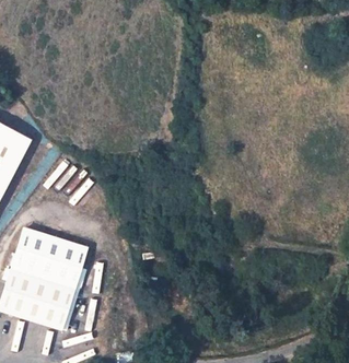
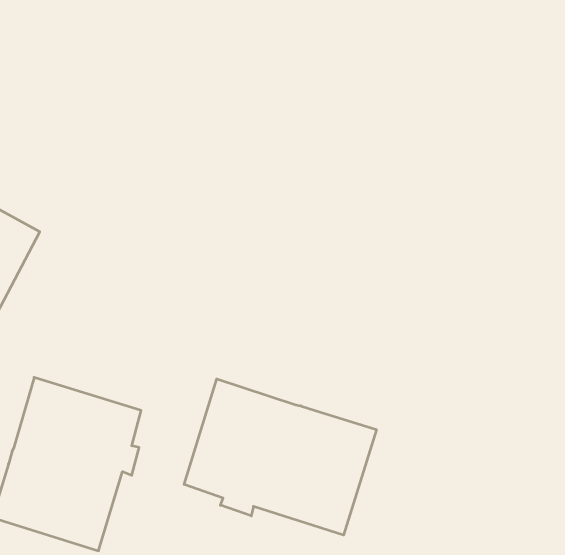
building: none -> [184,379,376,535]

